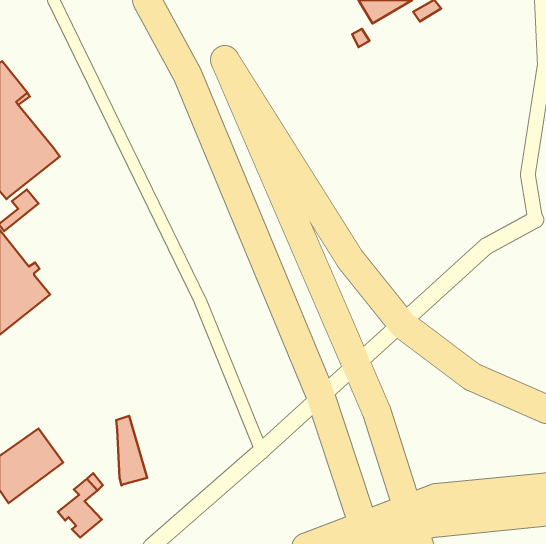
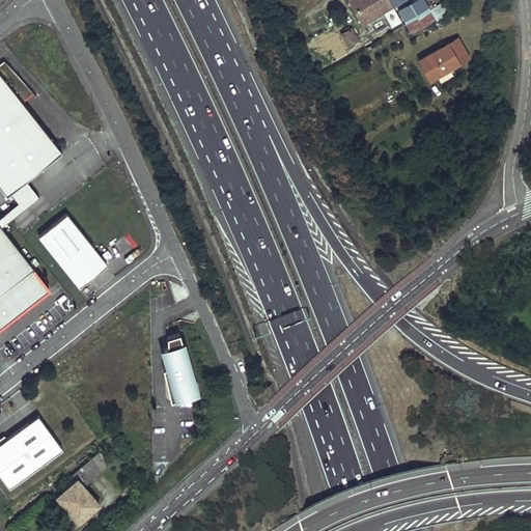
building: none -> [418,41,468,83]
building: none -> [38,216,107,289]
building: [116,416,147,485] -> [167,335,197,402]

